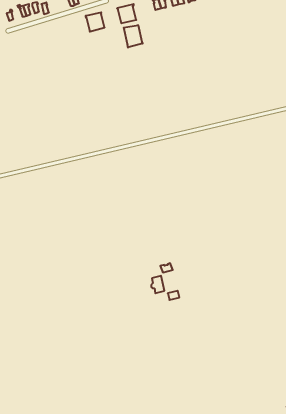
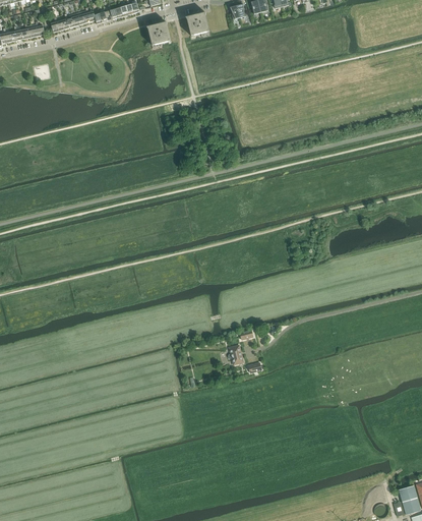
building: [124,25,143,48] -> none

